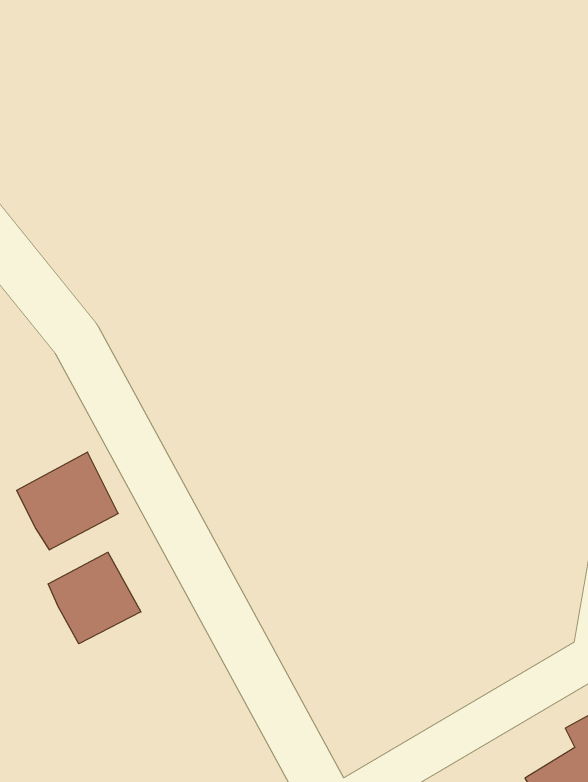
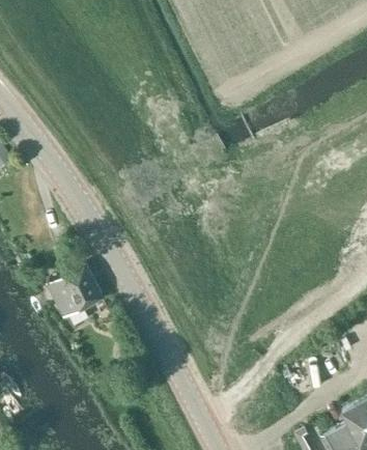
building: [48,552,141,644] -> none

